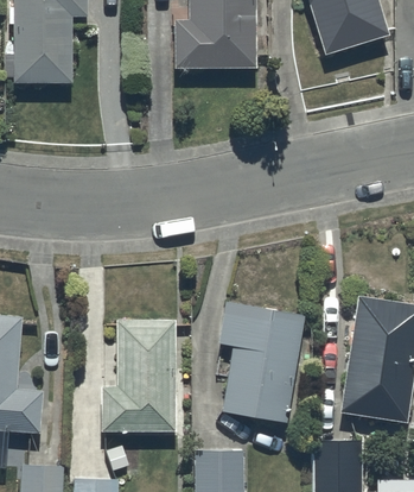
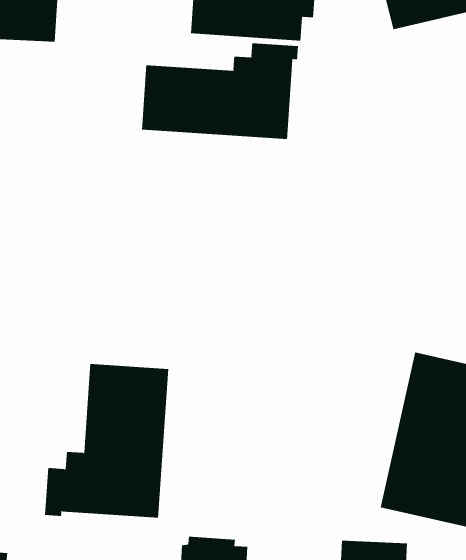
building: none -> [141,42,298,140]
building: [216,301,302,424] -> none

